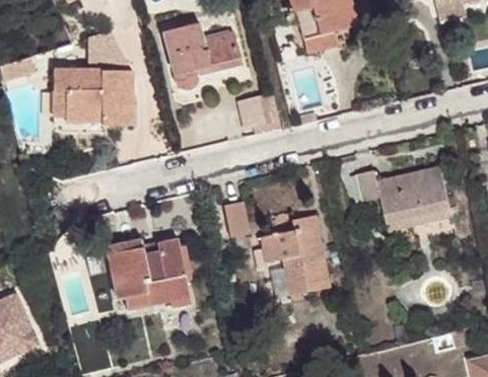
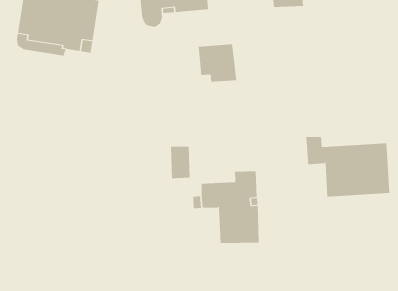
building: [115,238,190,309] -> none

